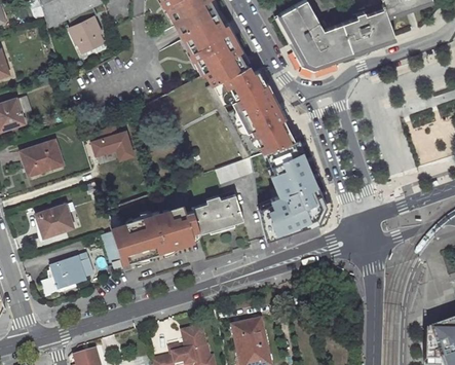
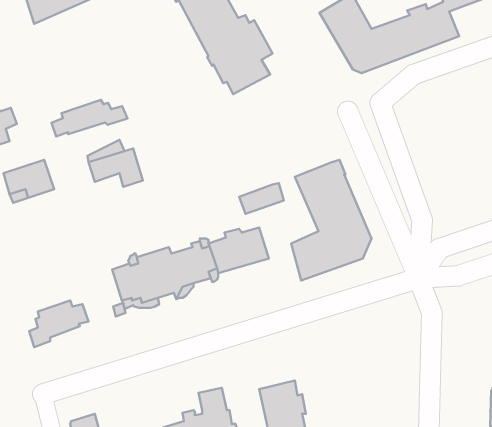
building: [66,14,101,49] -> none
building: [276,14,401,72] -> none
building: [221,62,292,151] -> none
building: none -> [51,100,127,137]
building: [33,203,71,235] -> none

